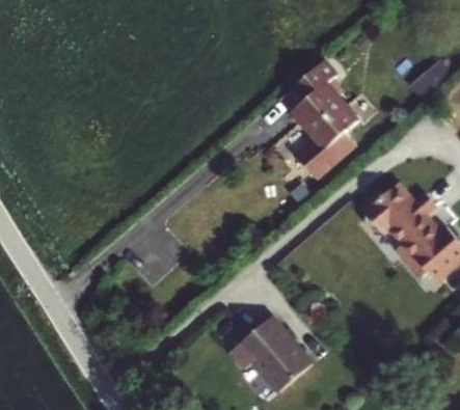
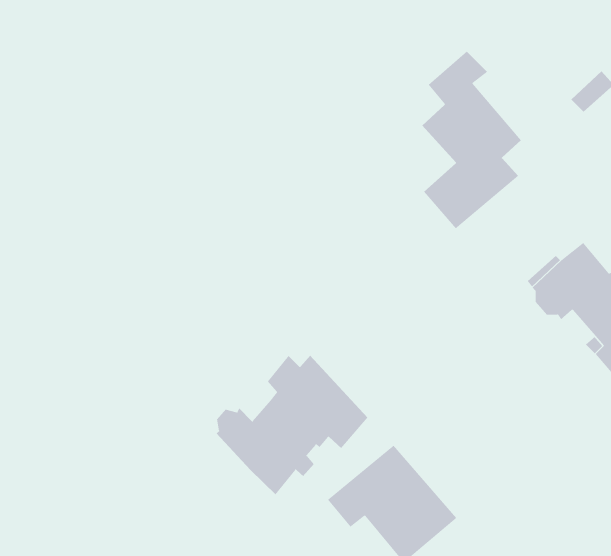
building: none -> [216,355,368,495]

